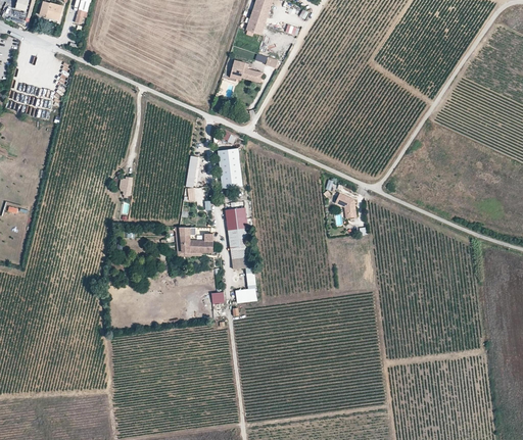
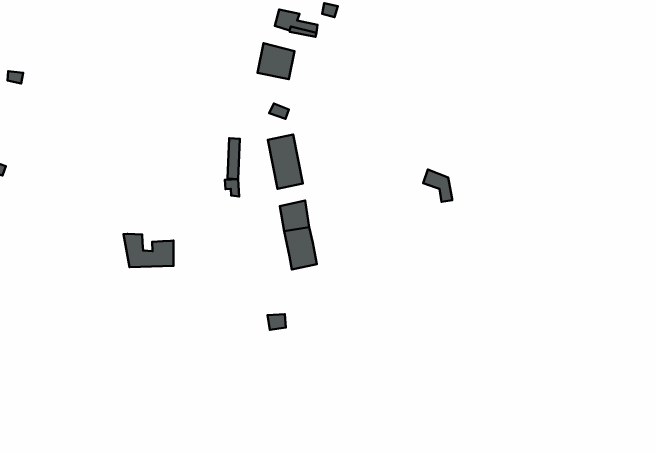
building: none -> [258,43,295,79]
building: [175,227,212,253] -> [123,234,174,267]

